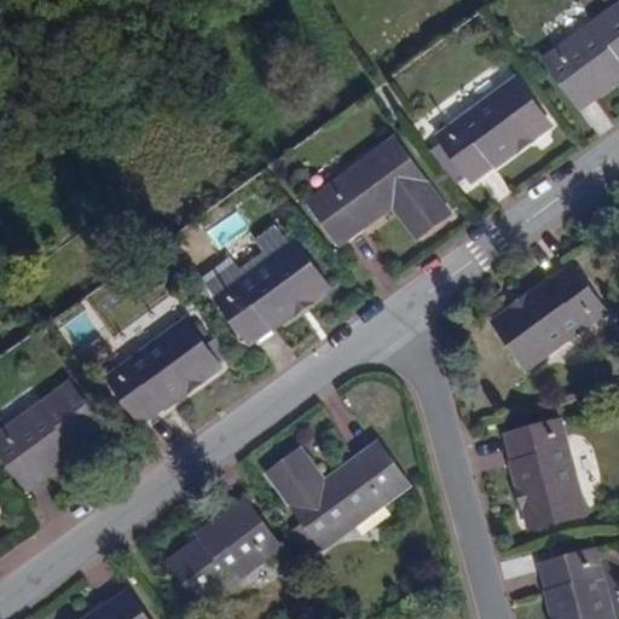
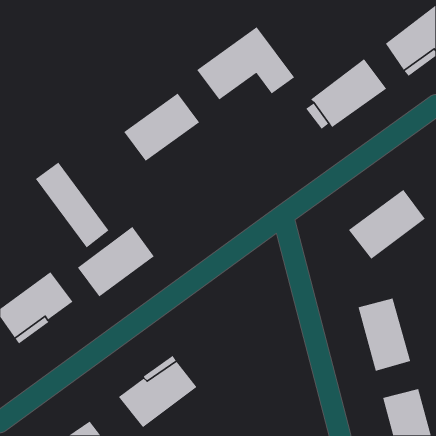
building: [307,139,447,244] -> [196,26,295,100]
building: none -> [35,162,110,248]
building: [216,244,325,342] -> [123,93,200,162]
building: [266,442,407,548] -> none

